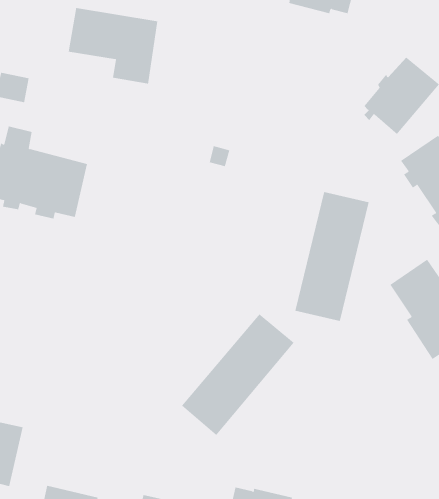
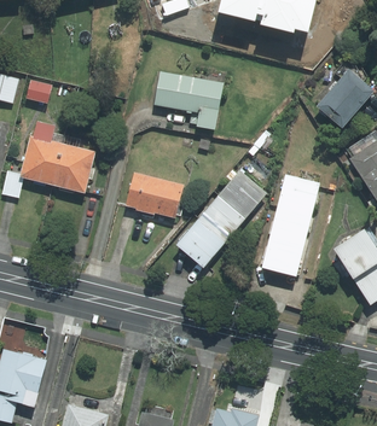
building: [68,8,158,84] -> [152,70,224,130]
building: none -> [126,171,182,217]
building: [181,314,294,436] -> [176,170,266,267]

